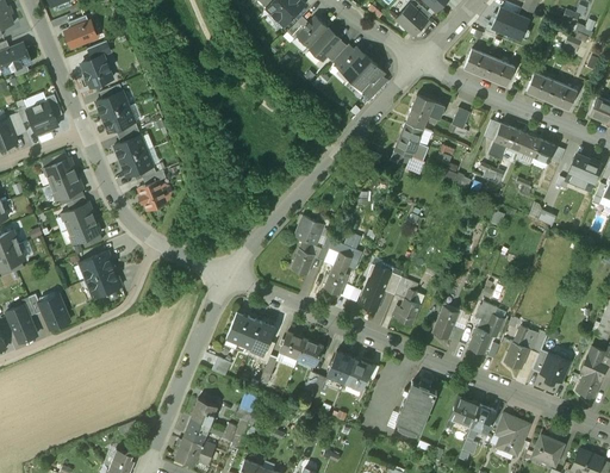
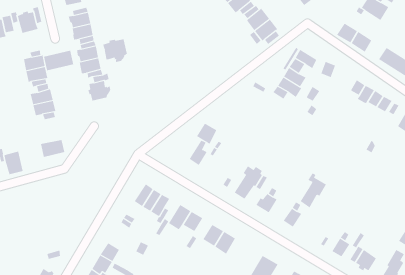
building: none -> [103,38,127,63]
building: none -> [44,50,74,71]
building: [79,251,114,280] -> none
building: [324,251,348,294] -> none
building: [468,305,502,354] -> [300,173,327,208]

